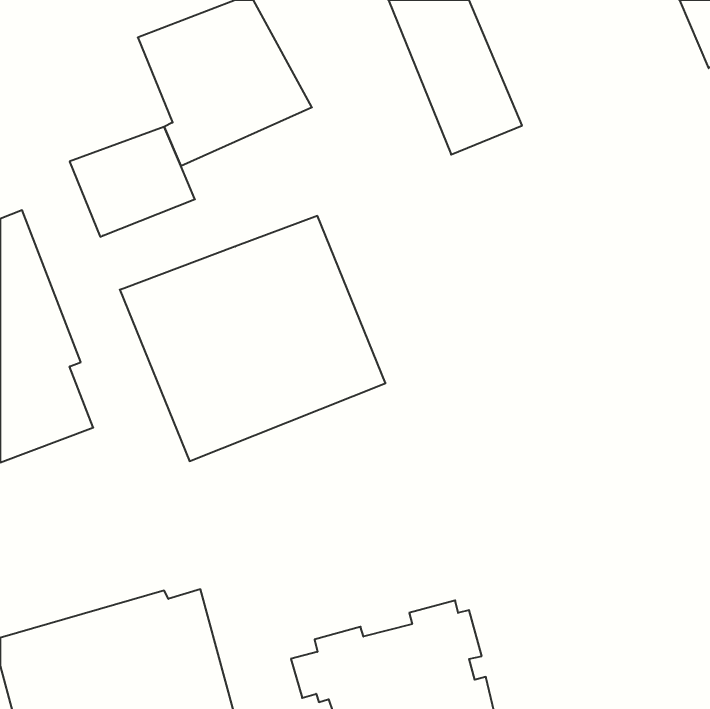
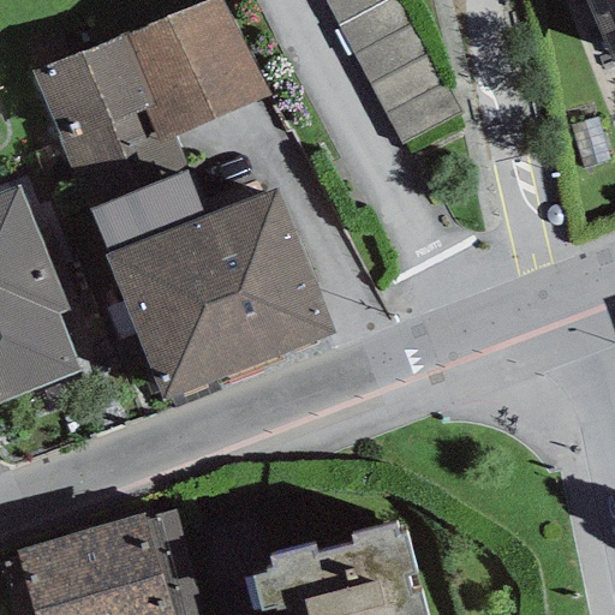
building: none -> [32,35,150,142]
building: none -> [90,168,204,251]

